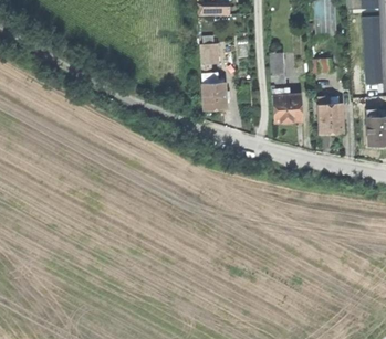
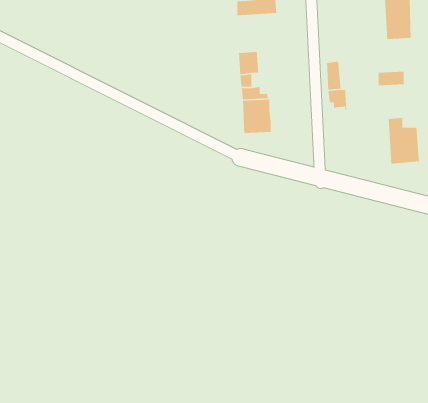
building: [273,94,302,123] -> none

